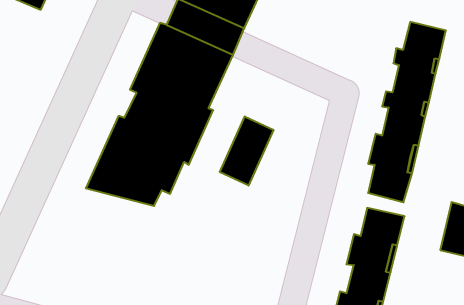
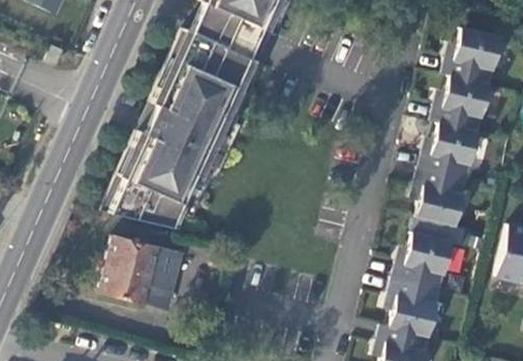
building: [220,116,273,186] -> none
building: none -> [96,237,180,306]

